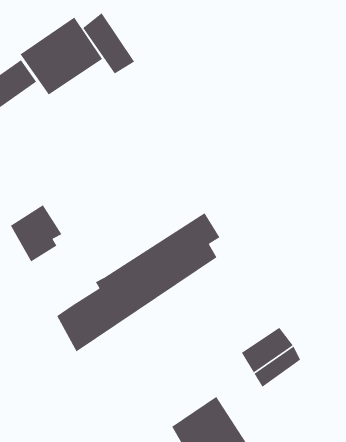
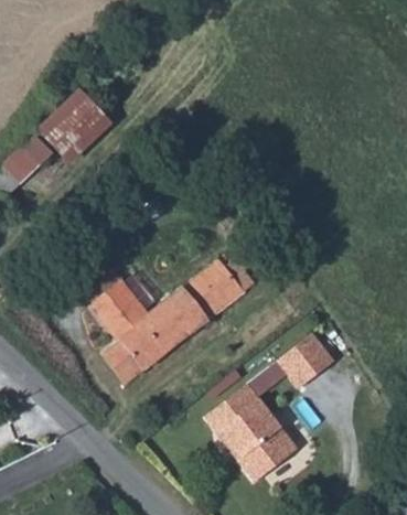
building: [82,12,135,74] -> none
building: [10,204,63,262] -> [95,288,144,343]
building: none -> [206,389,264,441]

